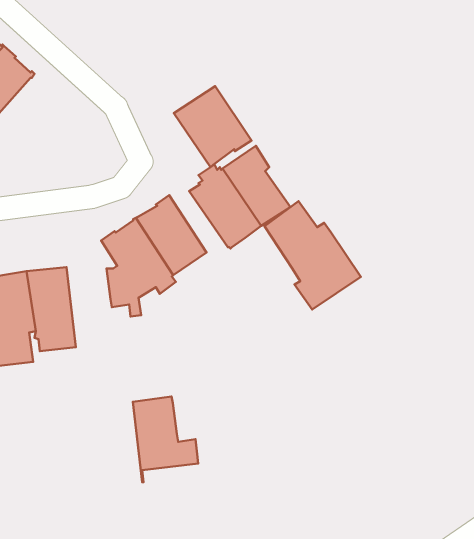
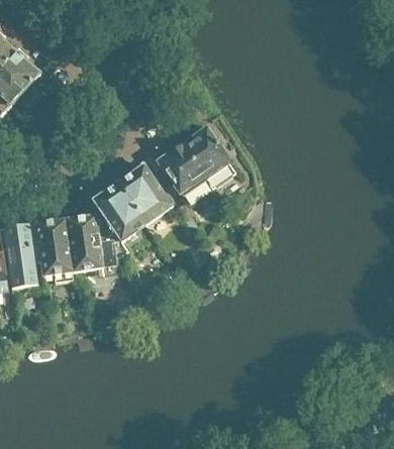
building: [174,86,252,167] -> none
building: [265,201,361,309] -> none
building: [133,397,198,482] -> [65,213,114,277]

